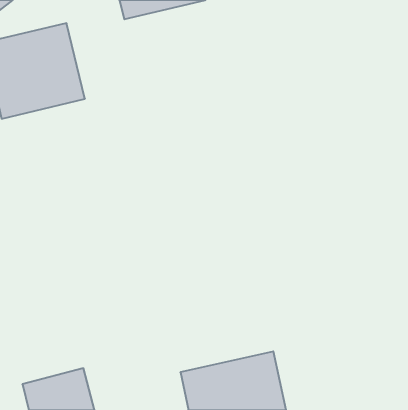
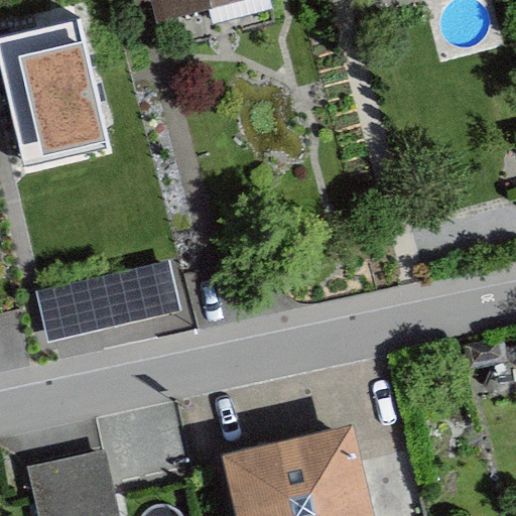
building: none -> [39,262,175,331]

